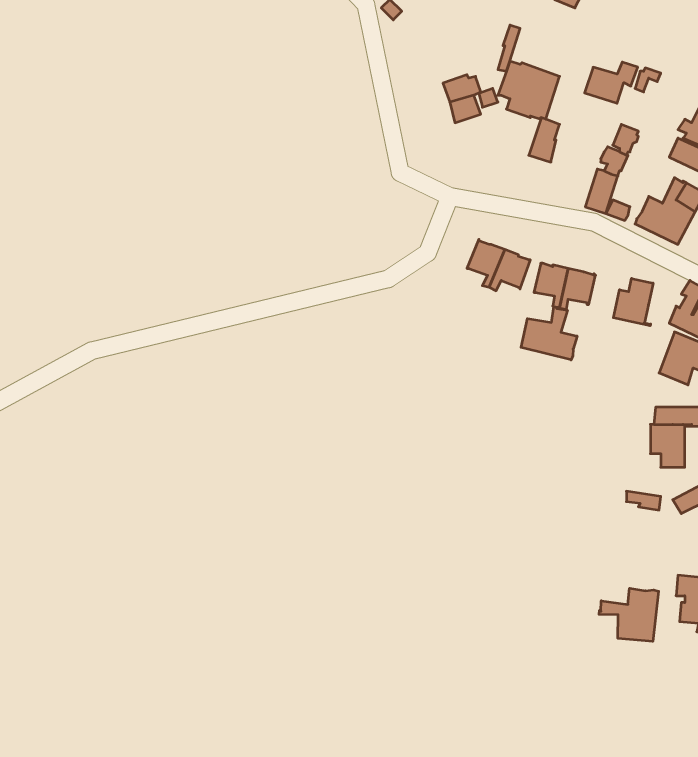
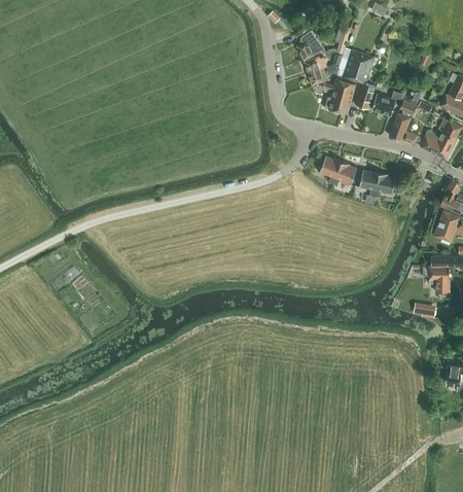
building: none -> [297,31,325,60]
building: [585,62,638,103] -> [371,92,403,116]
building: none -> [322,78,356,114]
building: [613,278,653,326] -> none
building: [521,306,577,360] -> none
building: [599,588,659,641] -> none

